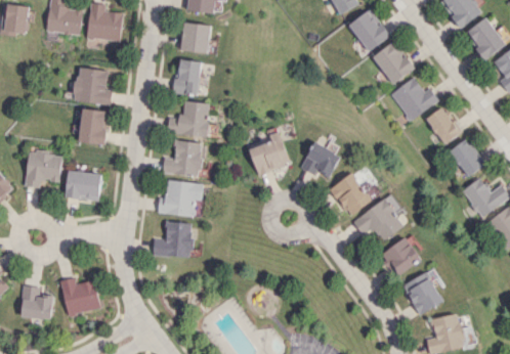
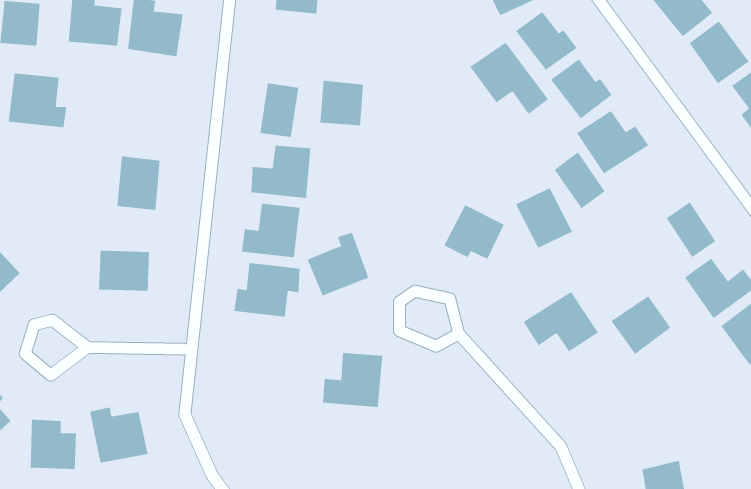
building: [181,23,211,53] -> [320,80,364,126]
building: none -> [470,42,549,115]
building: [74,68,114,104] -> [8,73,67,128]
building: [424,106,459,145] -> [554,151,606,209]
building: [248,132,290,175] -> [307,232,369,296]
building: [27,151,62,187] -> none
building: [331,174,370,215] -> [515,188,573,248]
building: [153,221,194,258] -> [322,353,383,407]
building: [380,237,421,277] -> [610,295,671,355]
building: [403,272,442,315] -> none

